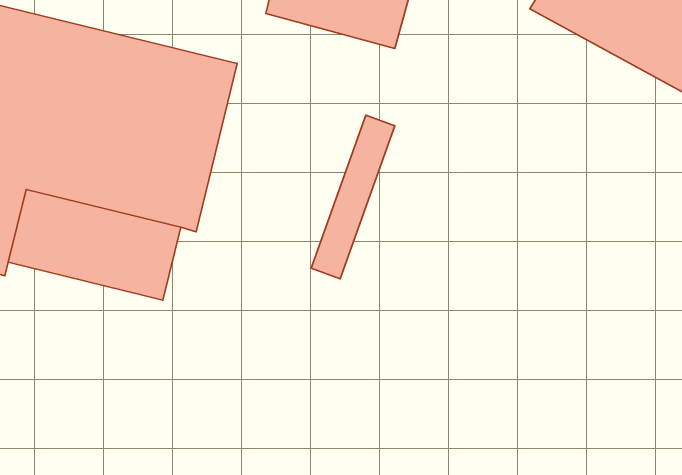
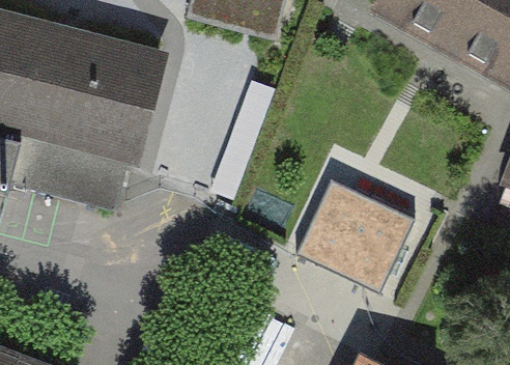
building: none -> [298,174,417,290]

